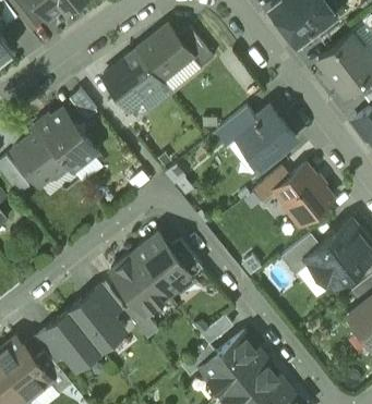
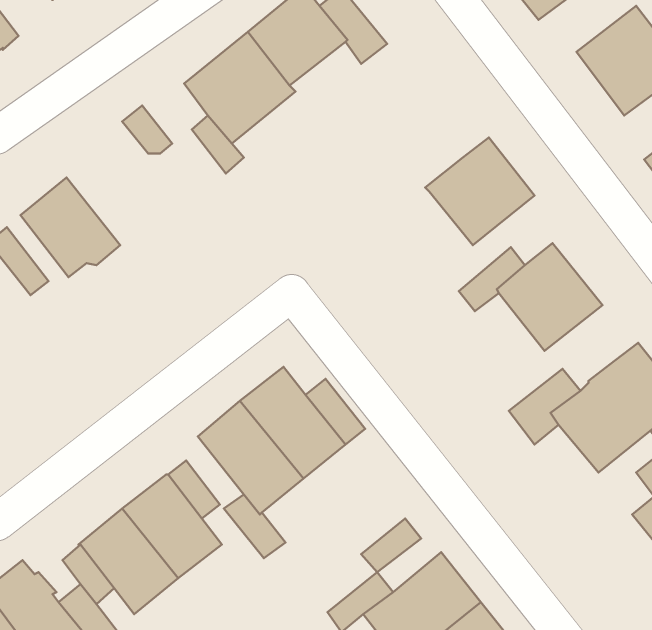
building: [215,108,255,146] -> none
building: [35,111,95,172] -> none

